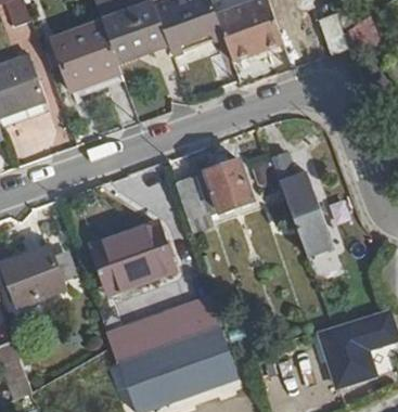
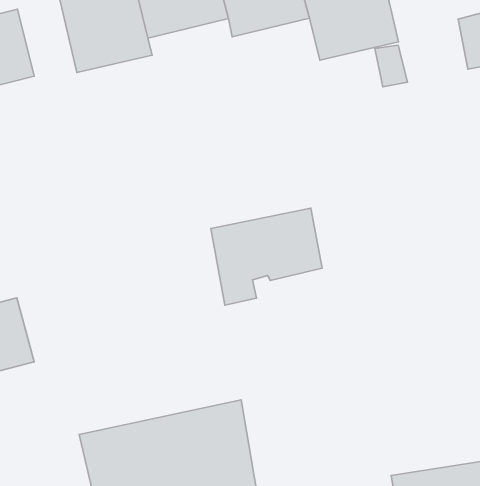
building: [271,152,333,256] -> none
building: [94,224,171,292] -> none

